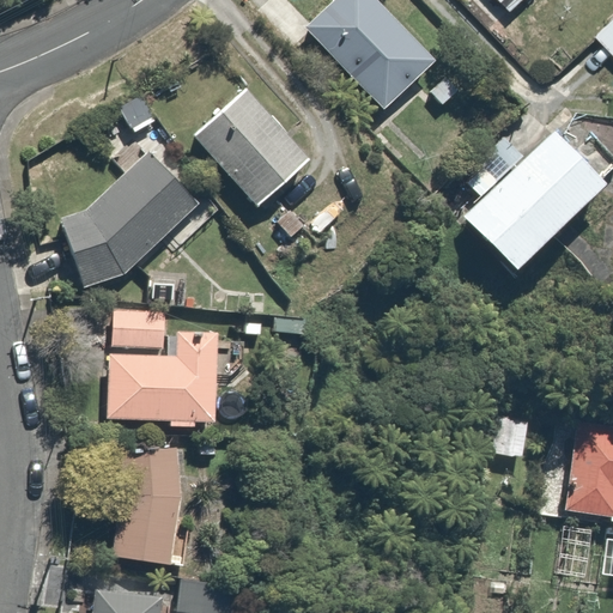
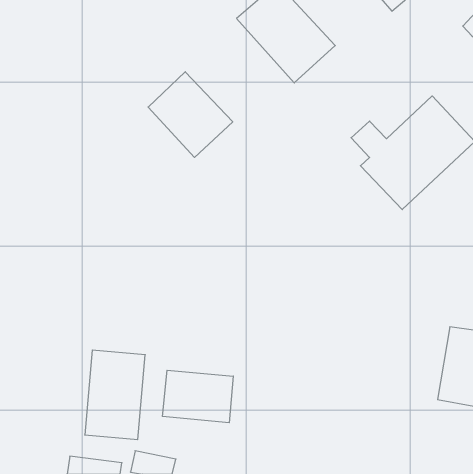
building: [62,154,193,295] -> none
building: [109,310,217,429] -> none
building: none -> [162,370,233,423]

